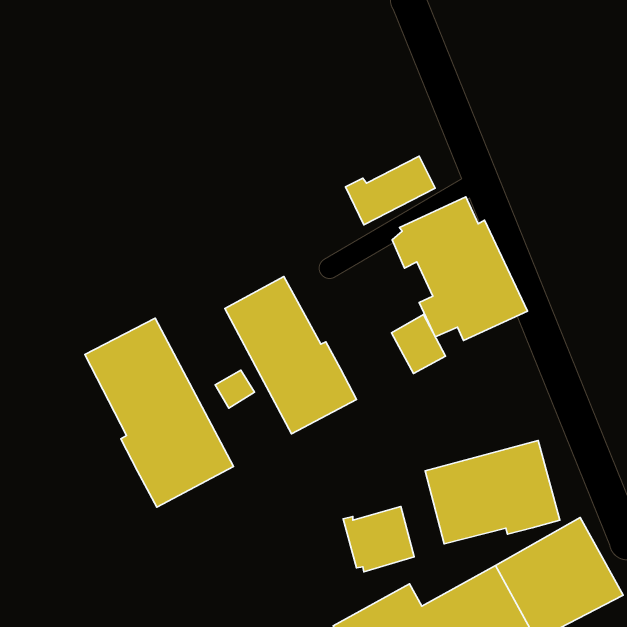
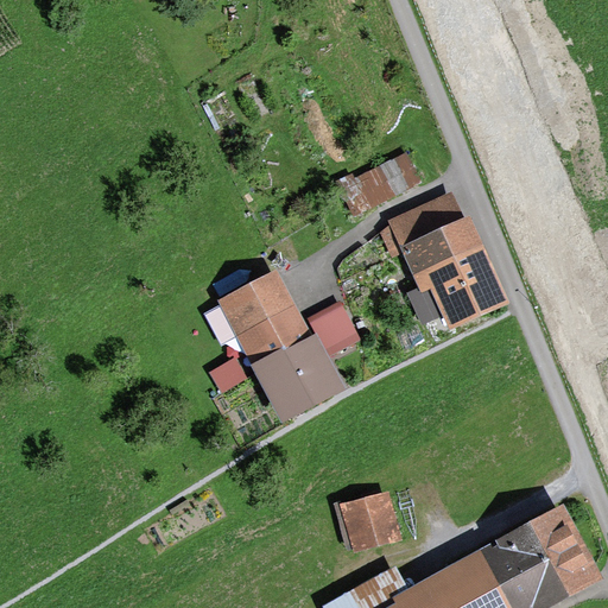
building: [391,314,445,373] -> [308,300,360,357]
building: [85,318,234,507] -> none
building: [425,440,560,544] -> none

